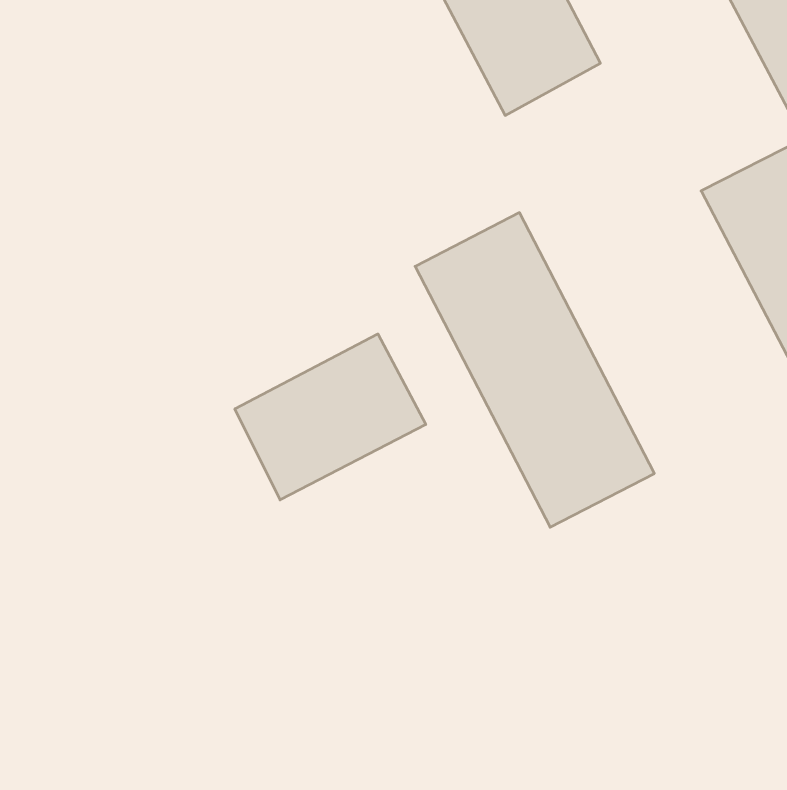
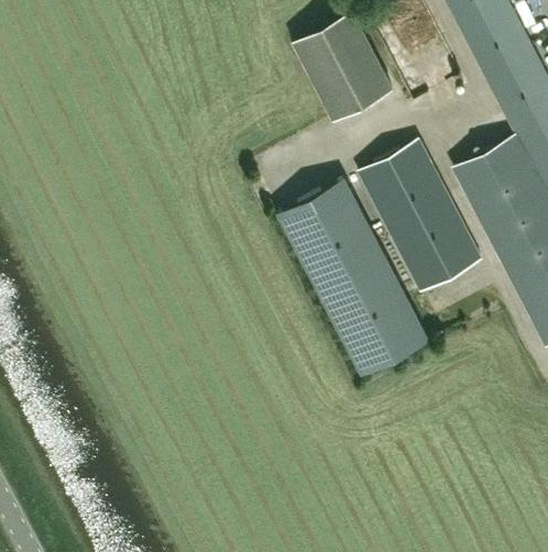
building: none -> [361,142,483,292]
building: [235,334,426,500] -> none

